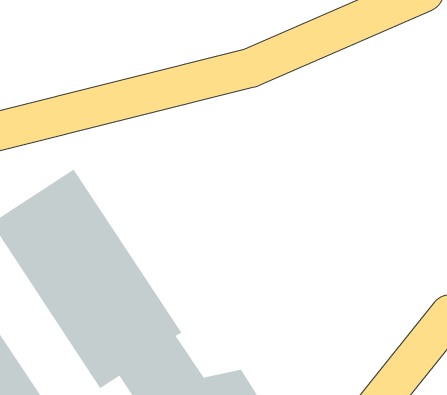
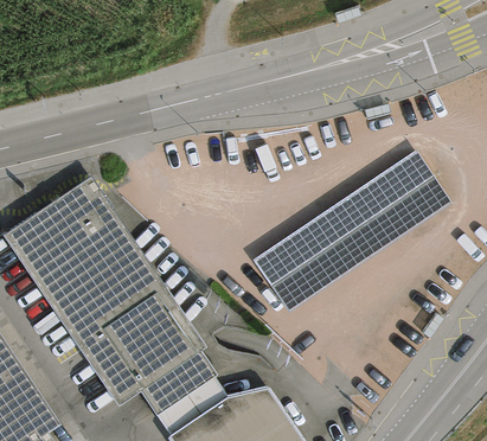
building: none -> [249,151,449,313]

